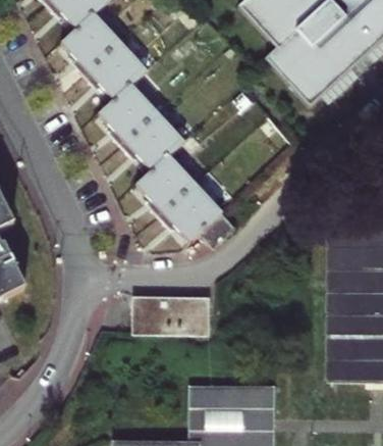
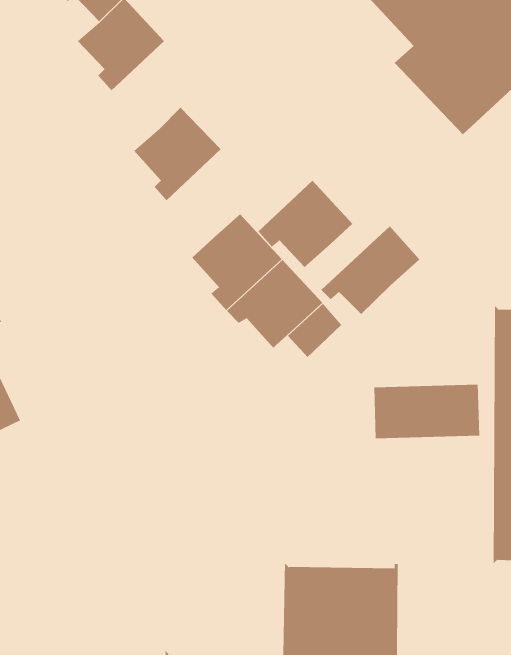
building: [85,43,146,100] -> none
building: [120,113,182,170] -> [258,180,353,268]
building: none -> [320,226,420,315]
building: [138,297,207,333] -> [373,384,480,439]

